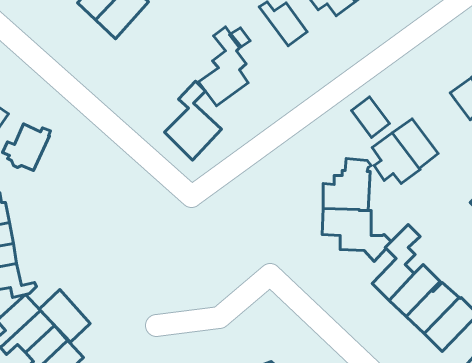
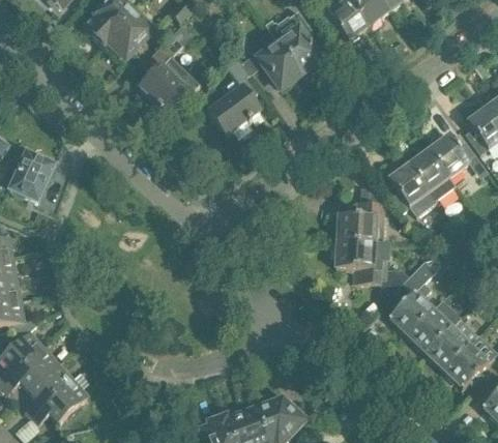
building: none -> [258,29,300,86]
building: [165,81,222,160] -> [139,33,198,115]
building: [351,97,389,138] -> [429,132,468,175]
building: [39,289,90,342] -> none

